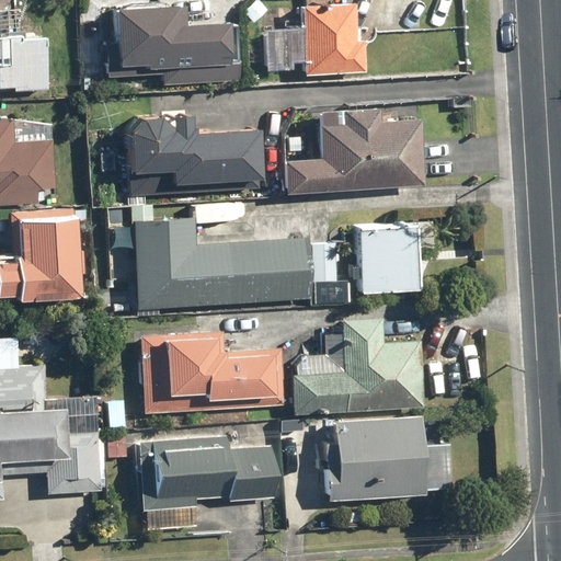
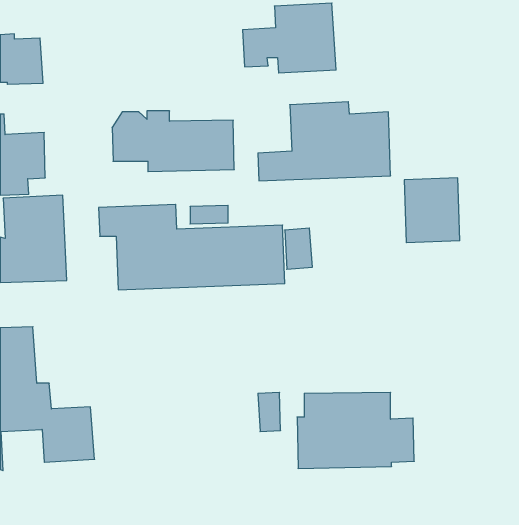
building: [112,8,225,72] -> none
building: [358,226,417,295] -> [404,178,460,243]
building: [291,320,424,415] -> none
building: [140,333,287,414] -> none
building: [137,433,276,531] -> none

